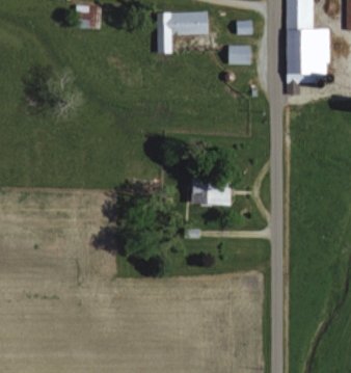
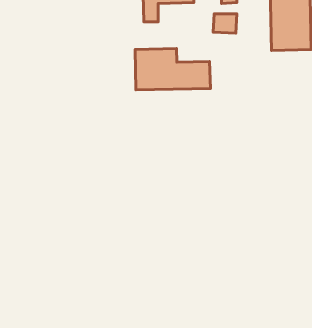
building: none -> [135,49,210,90]
building: [192,181,231,205] -> none

